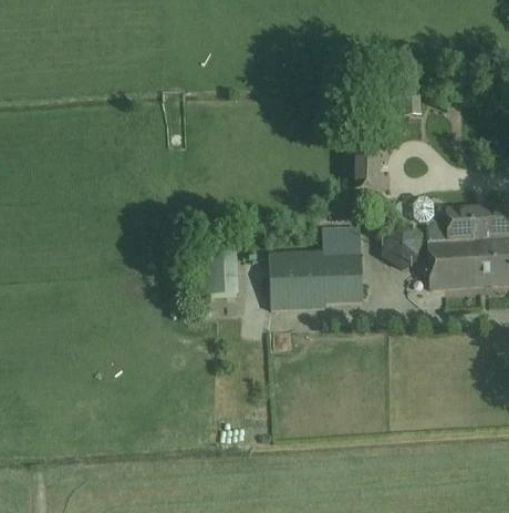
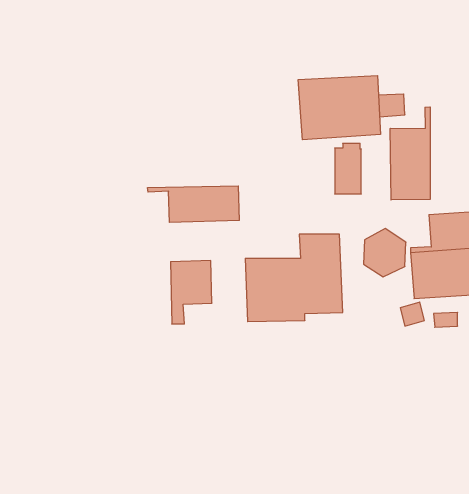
building: none -> [298,76,380,140]
building: none -> [390,107,430,200]
building: none -> [148,186,239,222]

